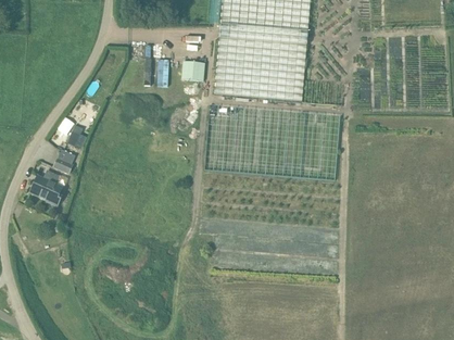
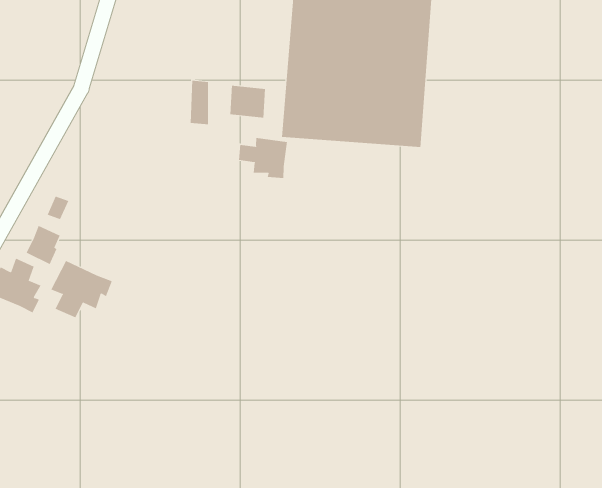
building: none -> [239,137,287,179]
building: none -> [51,260,113,318]

